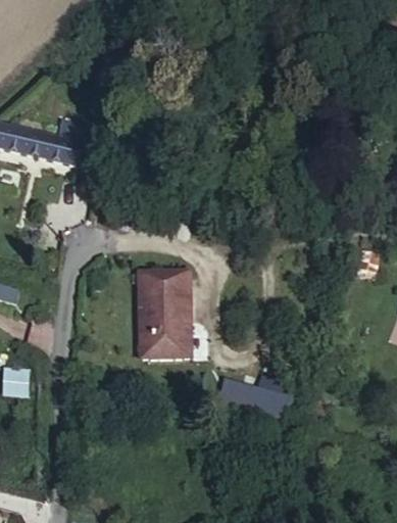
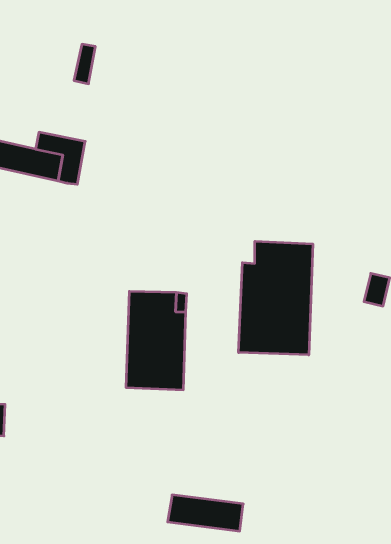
building: none -> [239,241,313,355]
building: [224,383,292,416] -> [168,495,243,531]

